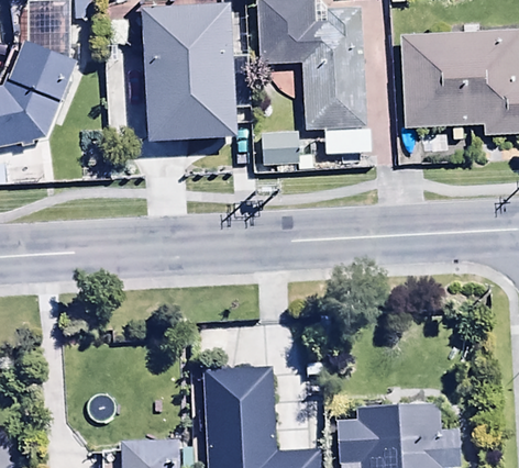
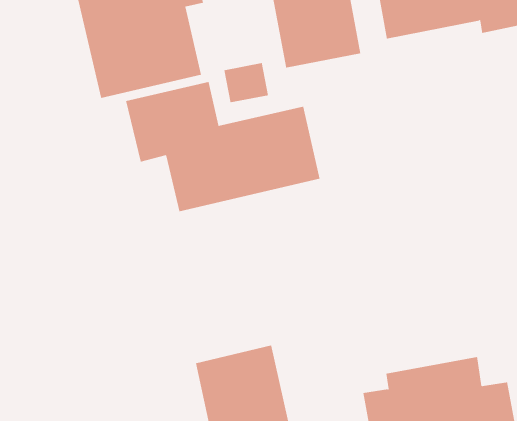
building: none -> [125,81,320,212]

